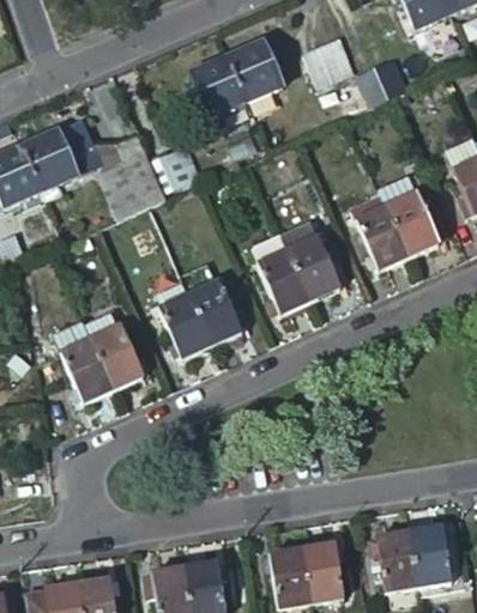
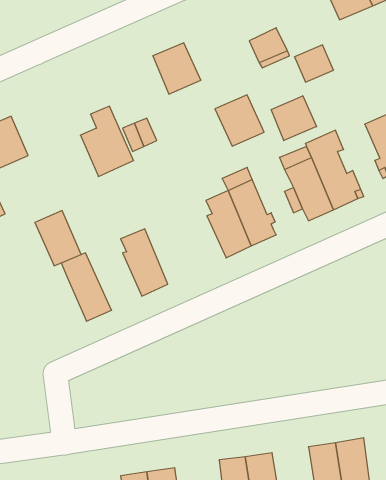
building: [230,40,289,101] -> [215,95,264,146]
building: [24,119,104,190] -> none
building: none -> [271,96,317,141]
building: [189,279,248,344] -> none
building: [59,335,114,401] -> [35,210,81,266]

